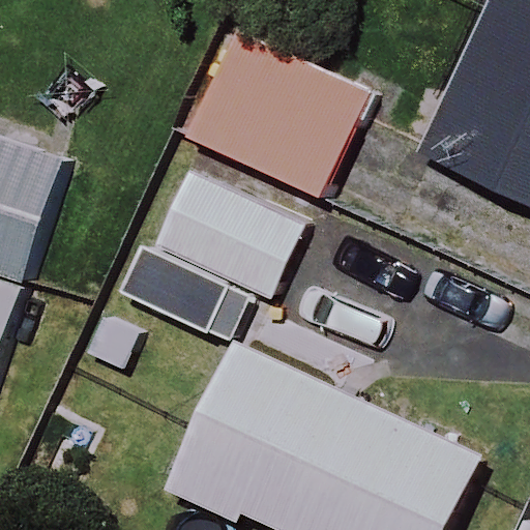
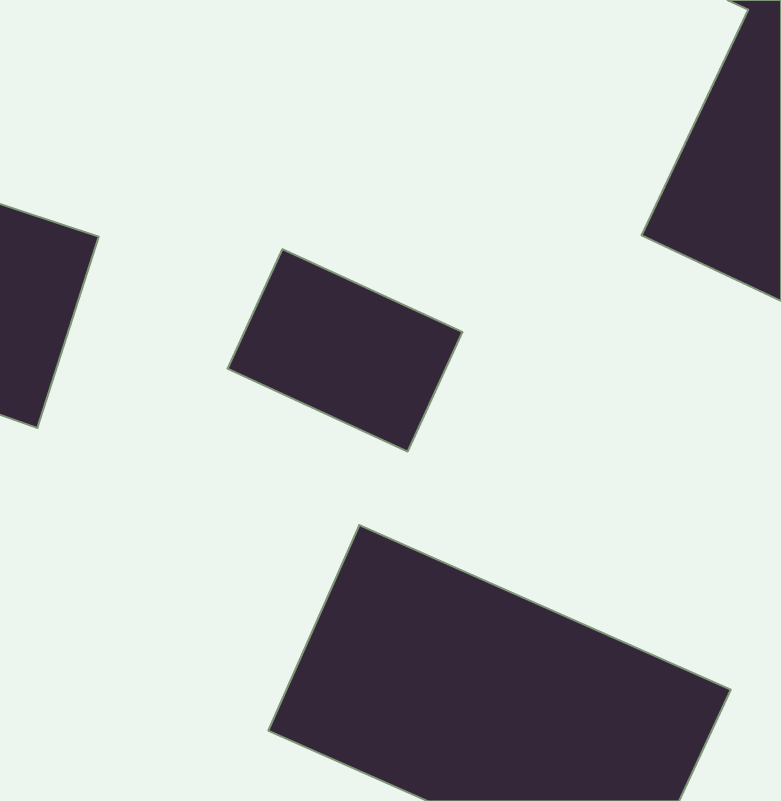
building: [174,30,372,207] -> none

